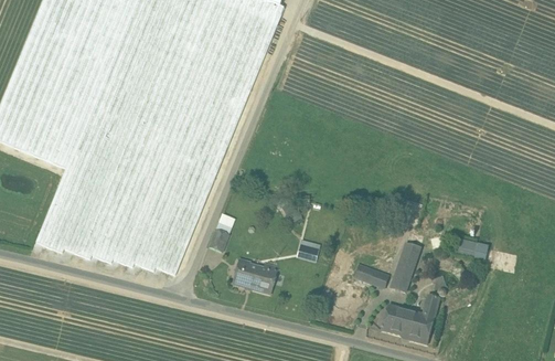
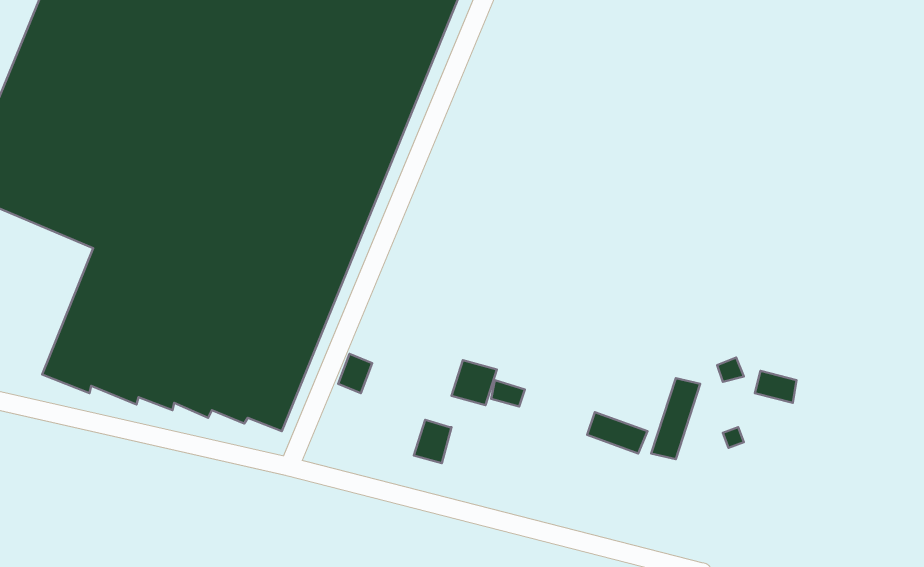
building: [232,262,258,288] -> [451,360,497,405]
building: [381,295,439,343] -> none

